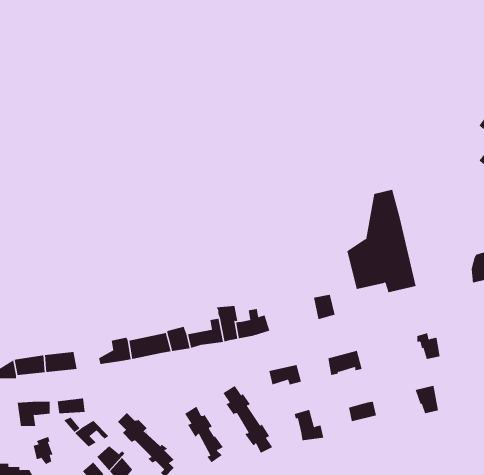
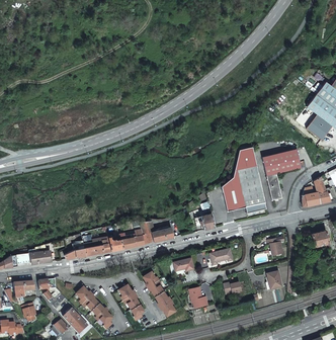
building: none -> [261,149,305,200]

